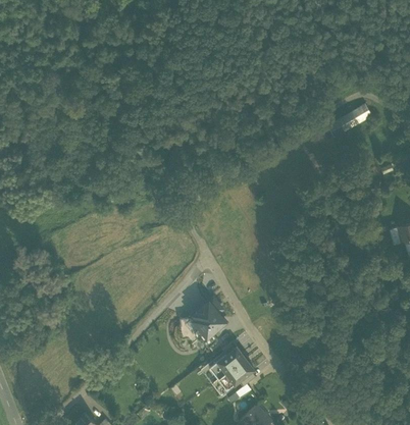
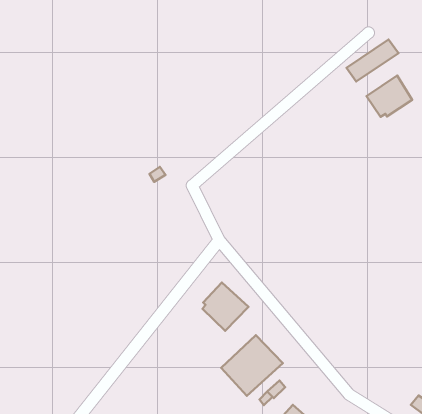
building: none -> [367,76,412,117]

